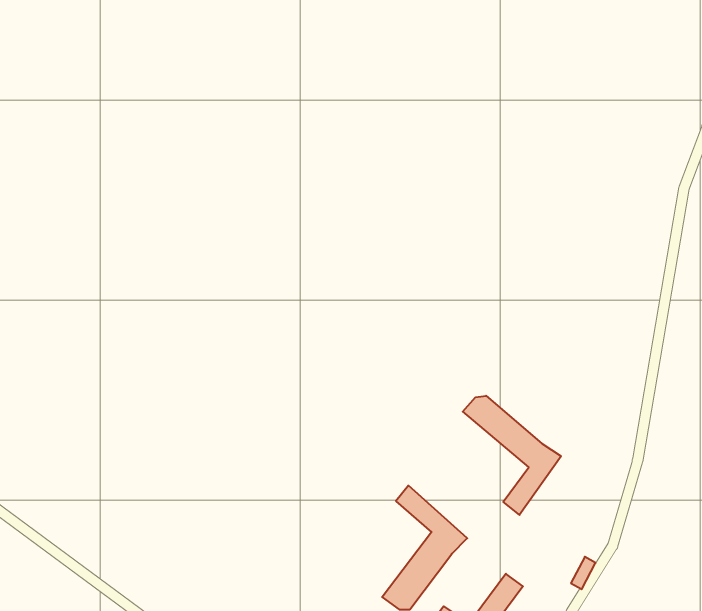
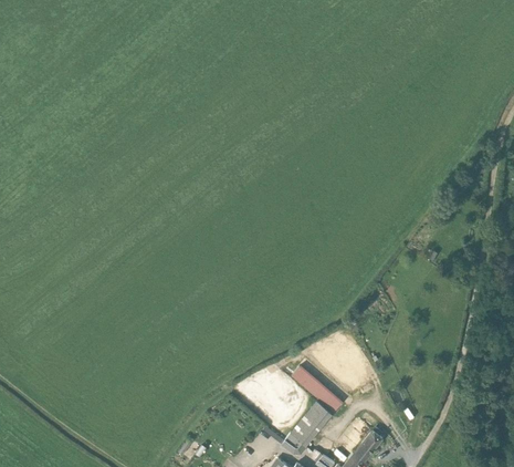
building: [463,396,561,515] -> none

